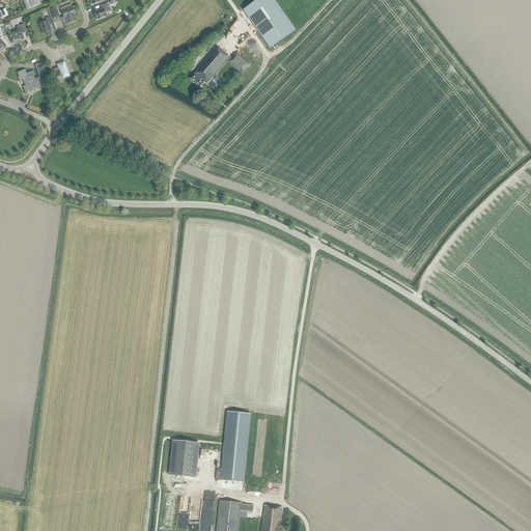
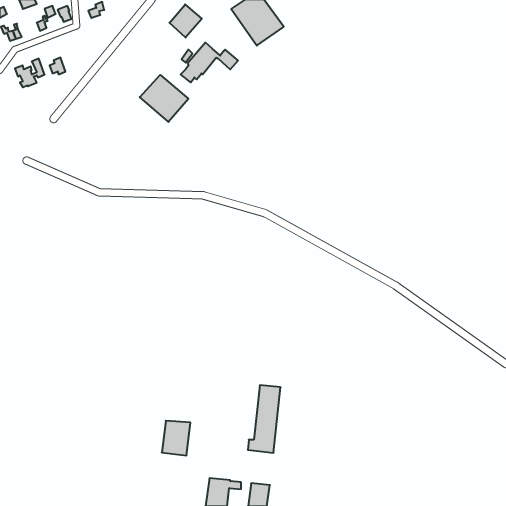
building: none -> [169,4,202,38]
building: none -> [140,75,188,122]
building: [215,411,249,481] -> [248,385,281,453]

